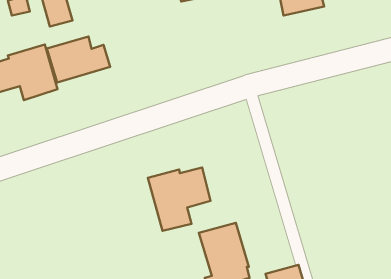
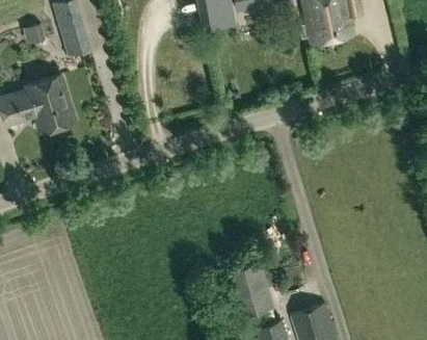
building: [47,36,110,82] -> none
building: [148,167,210,231] -> none

